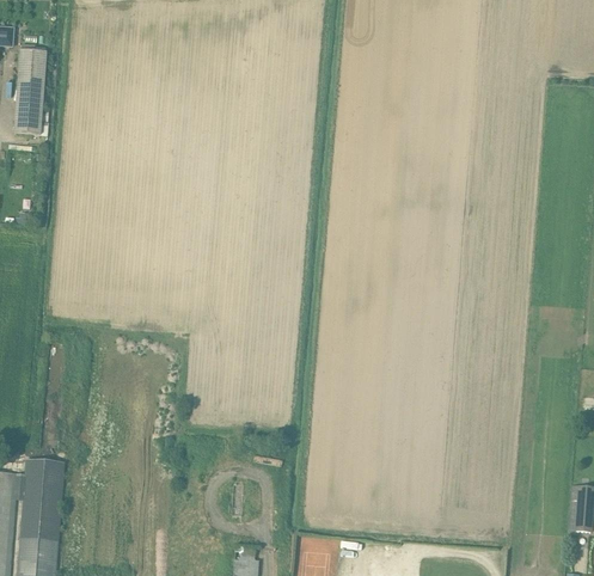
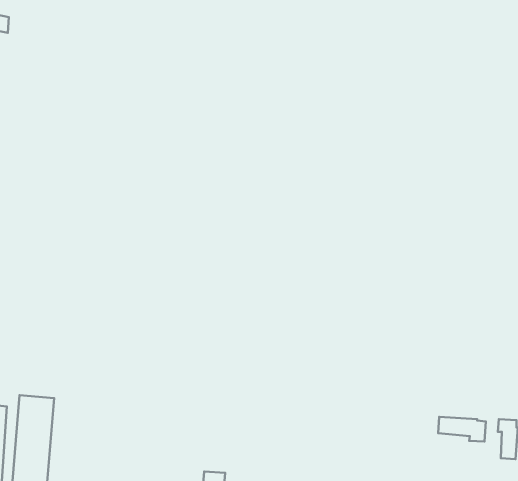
building: [14,50,47,135] -> none
building: none -> [438,417,486,442]

